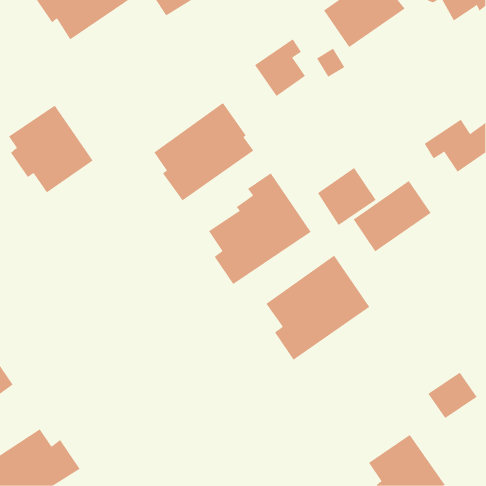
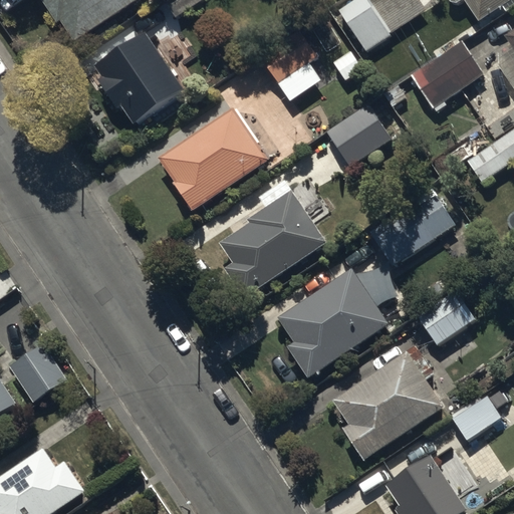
building: none -> [409,39,483,111]
building: [8,105,94,193] -> [94,33,184,125]
building: [317,167,377,226] -> [326,104,389,166]
building: none -> [420,295,475,345]
building: none -> [9,344,68,406]
building: none -> [333,345,444,461]

